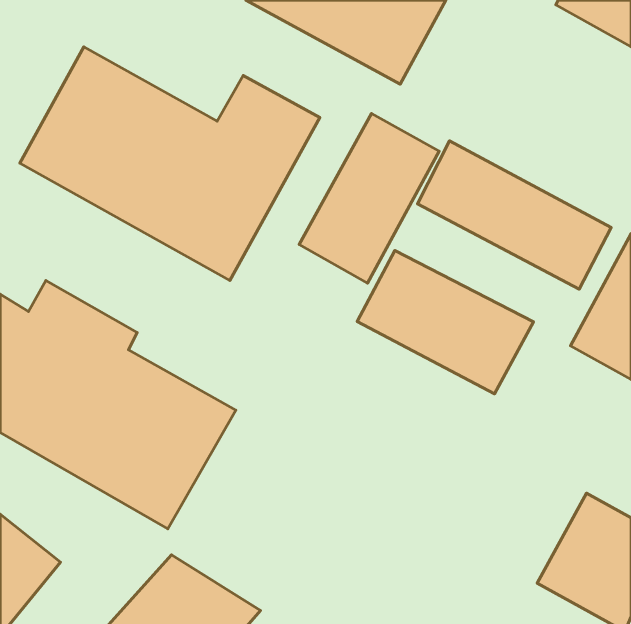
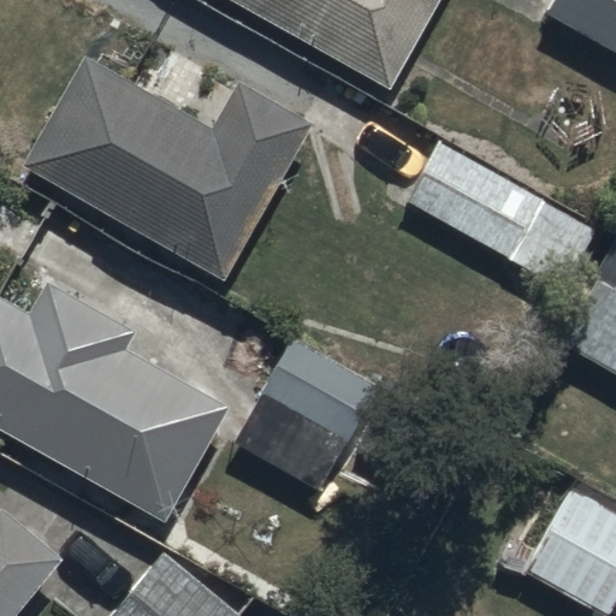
building: [299,113,439,283] -> none
building: [357,250,533,394] -> none
building: none -> [232,340,430,494]

